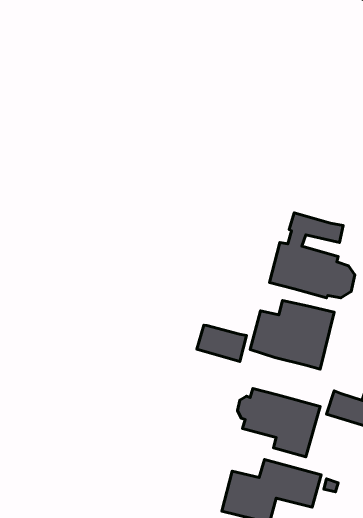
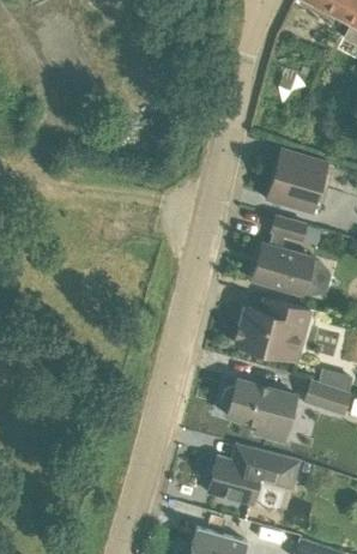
building: none -> [265,149,329,213]
building: [197,325,246,361] -> none

